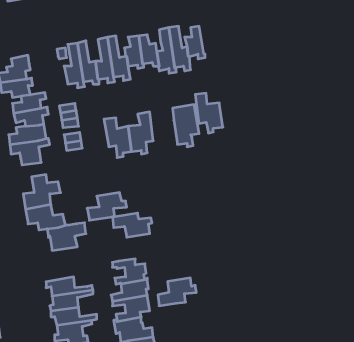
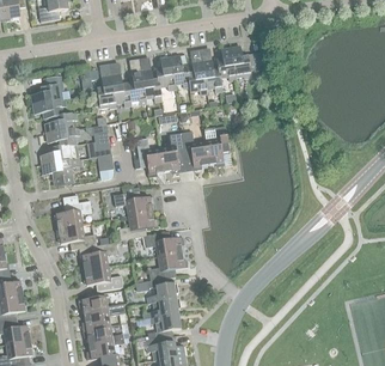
building: none -> [230,44,262,77]
building: [195,93,223,133] -> [181,130,208,170]
building: none -> [114,190,154,215]
building: none -> [84,266,122,291]
building: [158,278,196,306] -> [148,252,187,280]

